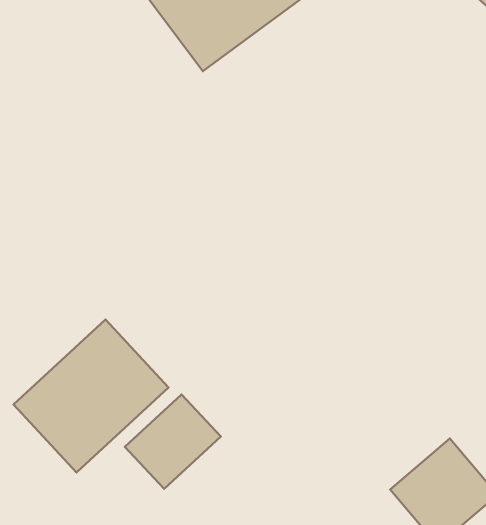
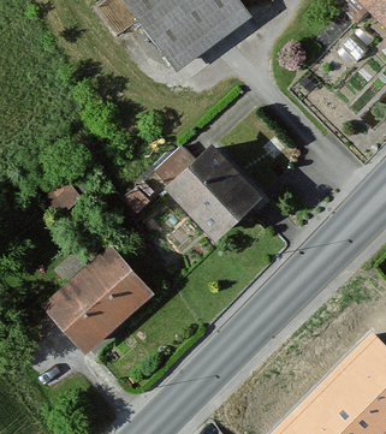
building: none -> [162,138,260,236]
building: [125,395,221,489] -> none

